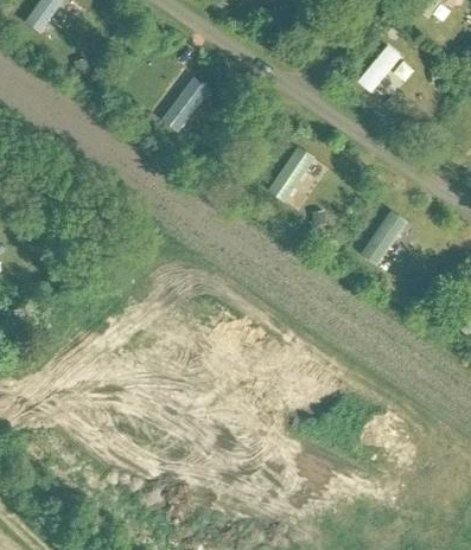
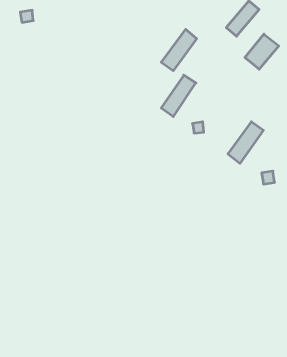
building: [161,75,210,132] -> [161,29,197,71]
building: none -> [245,34,279,69]

